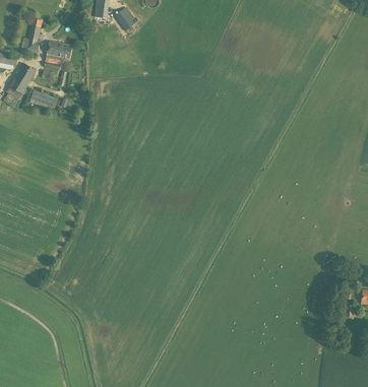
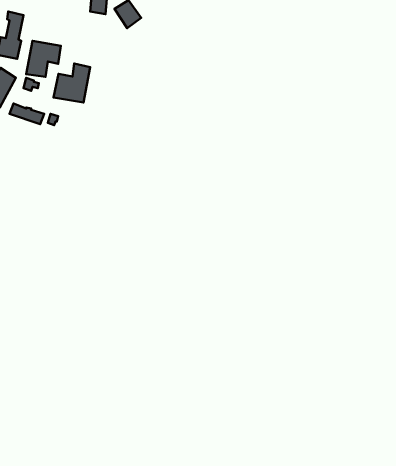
building: none -> [53,63,90,103]

